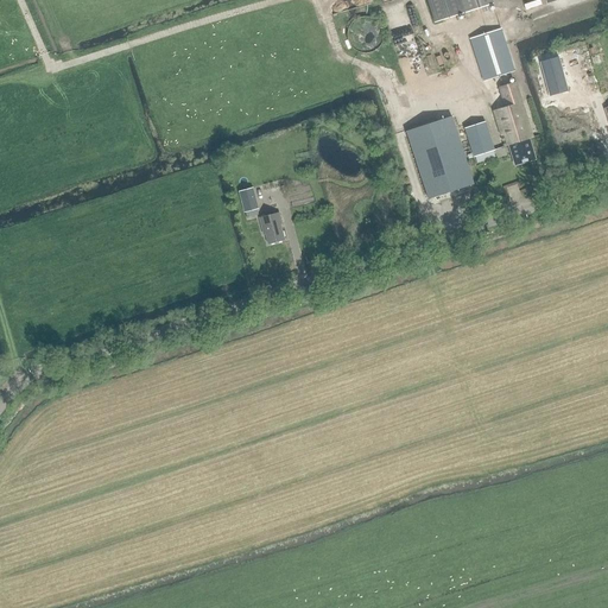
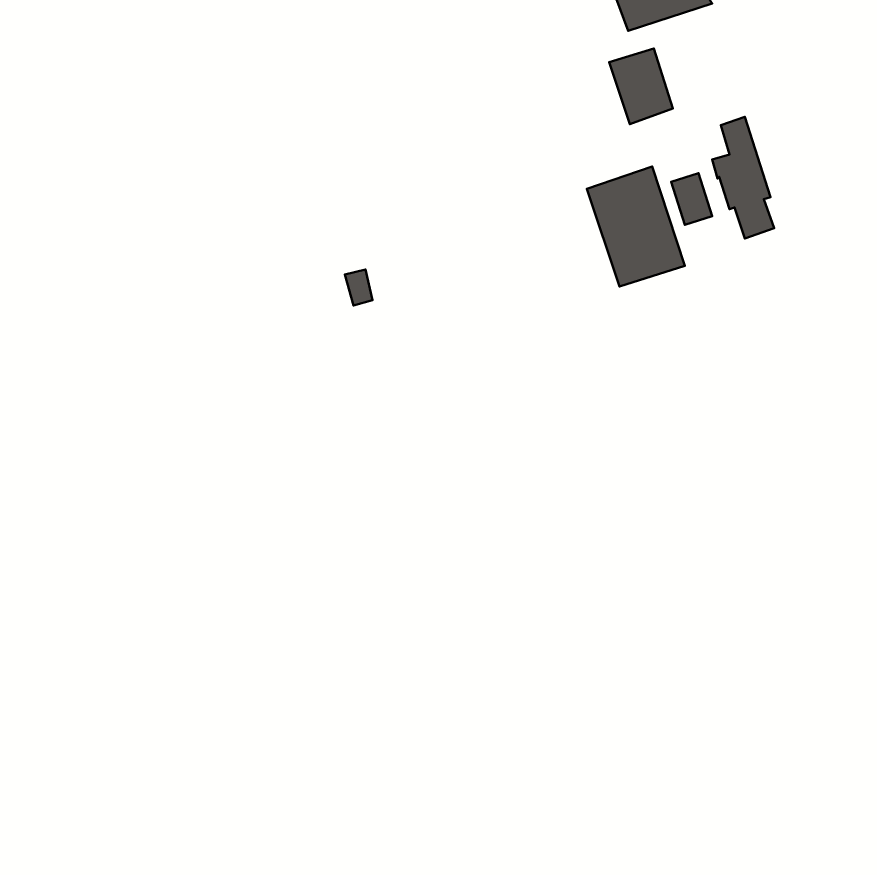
building: [469,28,513,81] -> [609,49,673,124]
building: [540,56,568,95] -> none
building: [259,211,284,242] -> none

